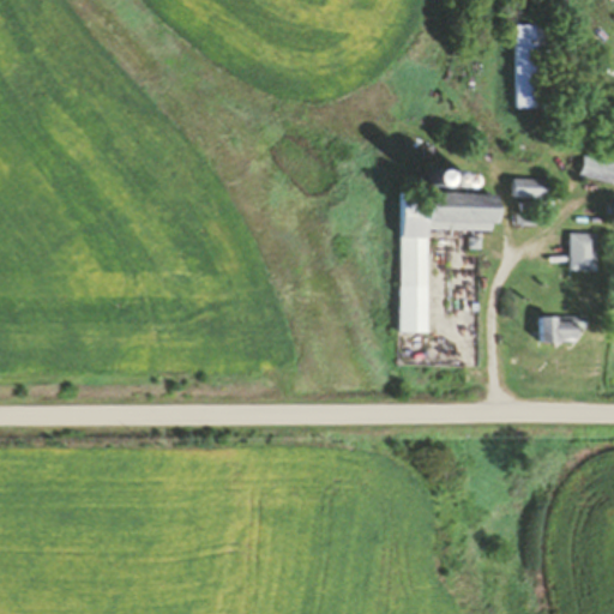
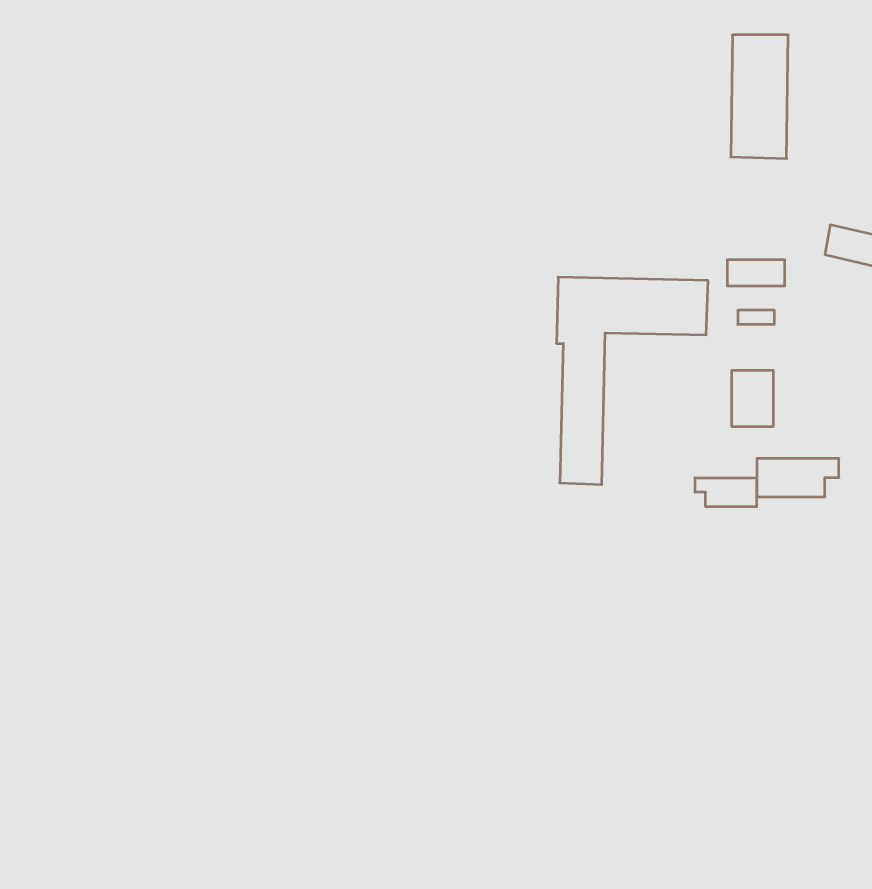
building: [571,234,600,272] -> [732,371,773,426]
building: none -> [695,478,757,507]

